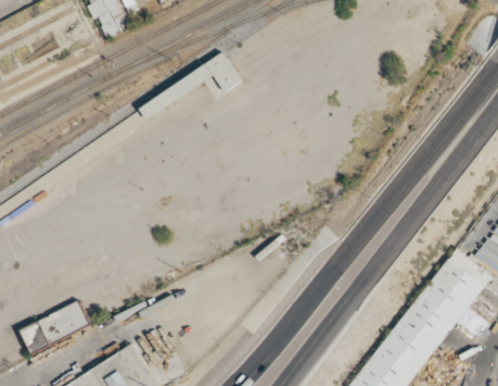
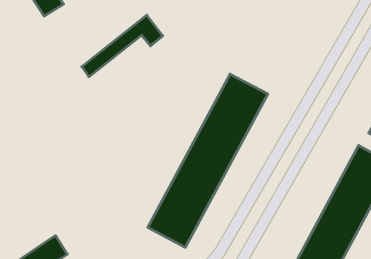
building: none -> [148,74,268,247]

